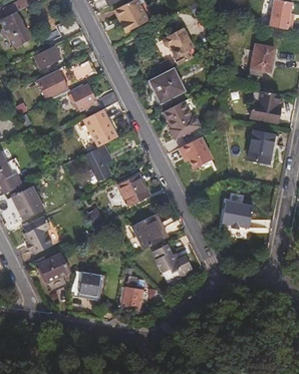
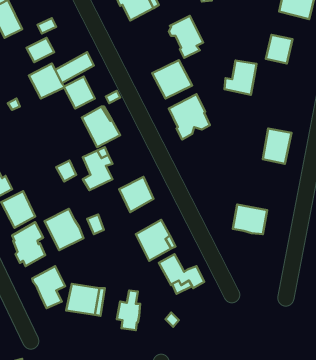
building: [250,90,279,121] -> [224,61,256,95]
building: [179,135,215,169] -> none
building: none -> [44,209,83,250]

